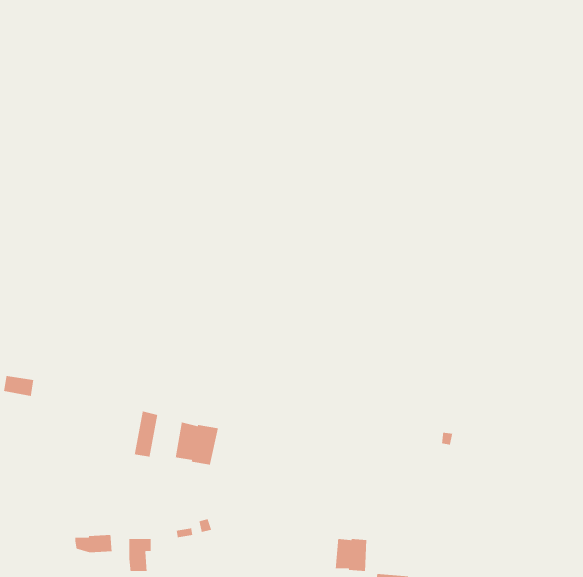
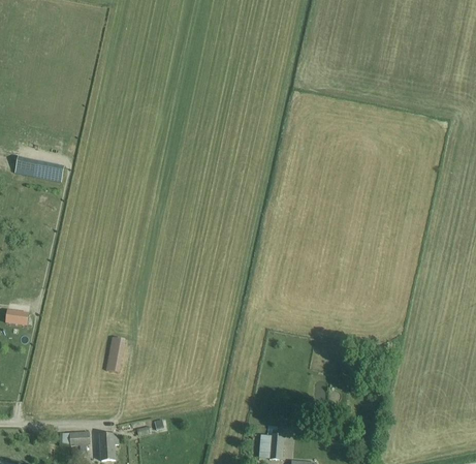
building: none -> [15,154,66,182]
building: [175,421,219,466] -> none

